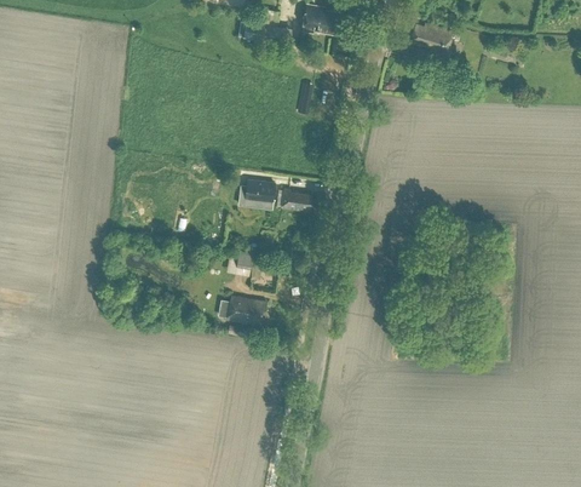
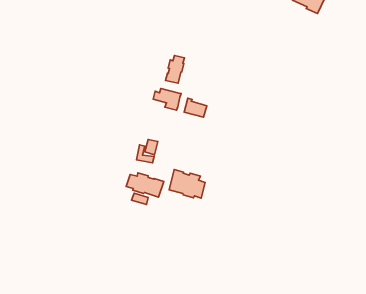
building: none -> [166,56,184,83]
building: none -> [169,169,205,198]

